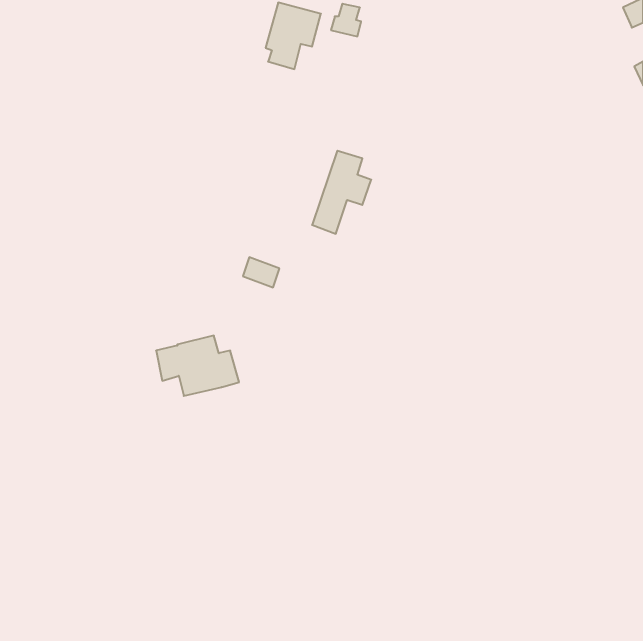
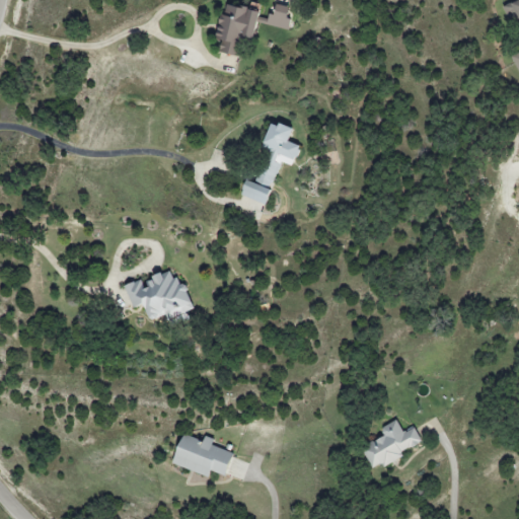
building: [243,257,279,287] -> [240,179,270,204]
building: none -> [363,420,422,467]
building: none -> [171,433,233,477]

